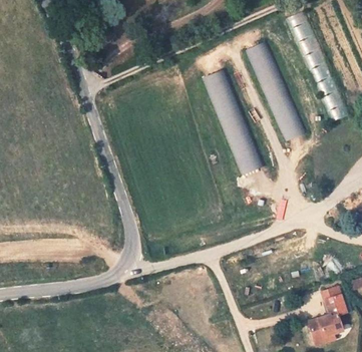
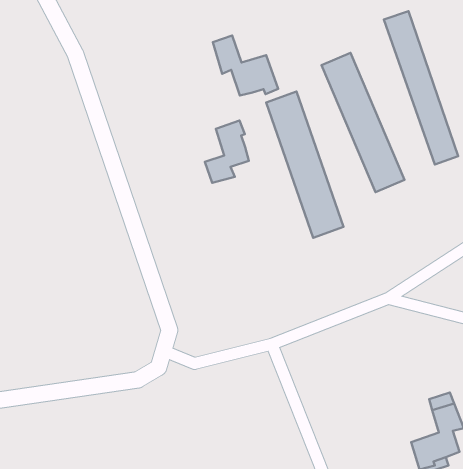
building: none -> [213,35,278,95]
building: none -> [205,120,249,183]

